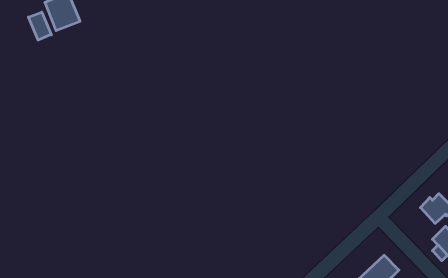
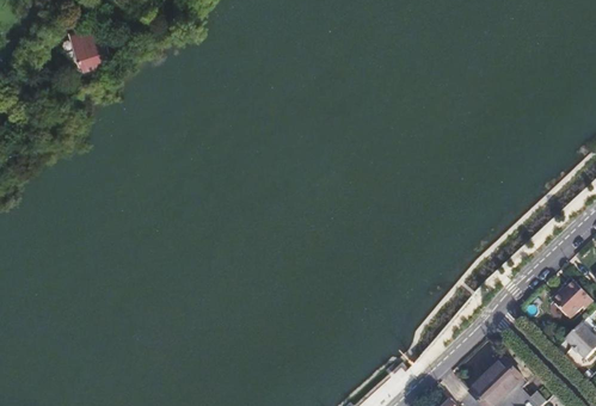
building: [28,12,51,40] -> none

